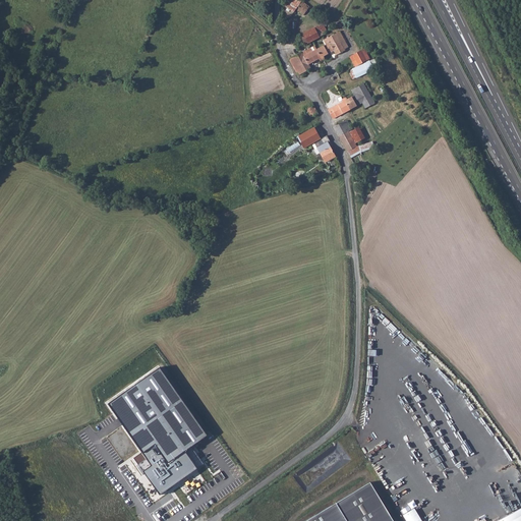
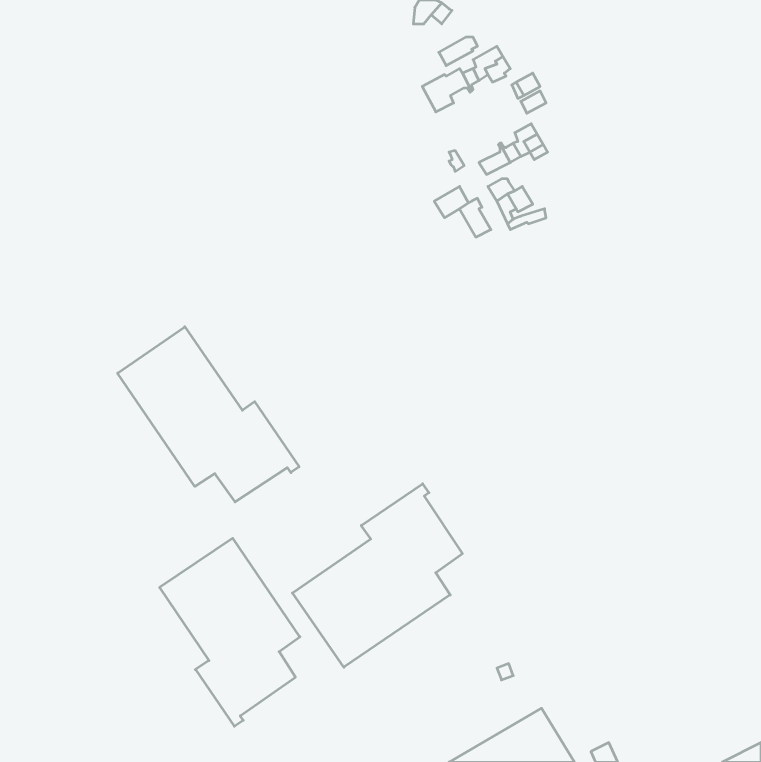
building: none -> [118,327,299,502]
building: none -> [292,484,462,667]

